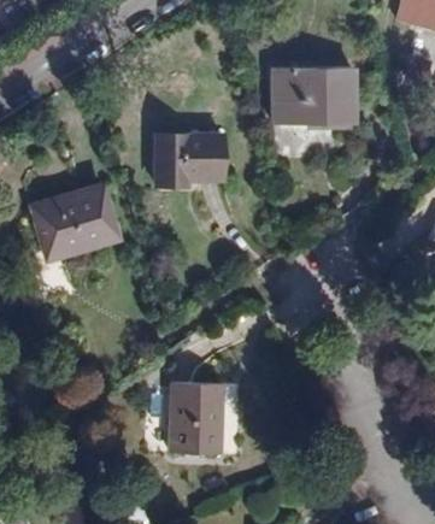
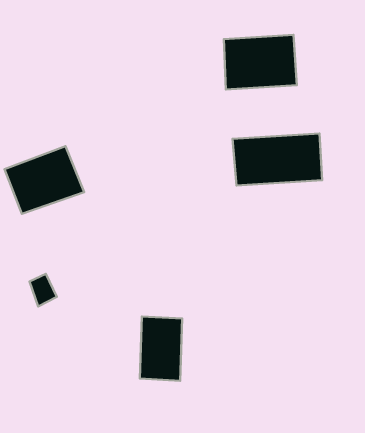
building: [149,139,217,188] -> none
building: none -> [232,133,322,185]

